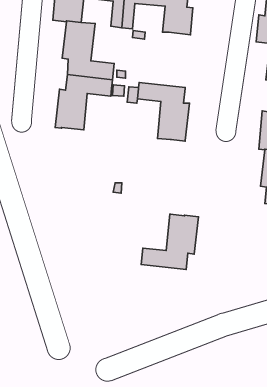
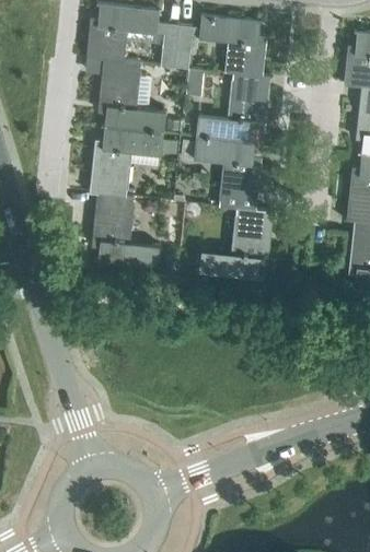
building: none -> [196,74,268,144]
building: none -> [92,195,158,269]
building: [141,214,198,270] -> [199,210,271,280]

